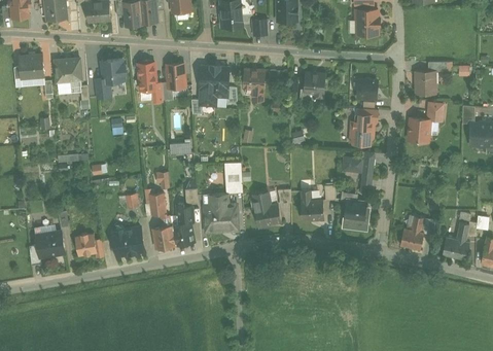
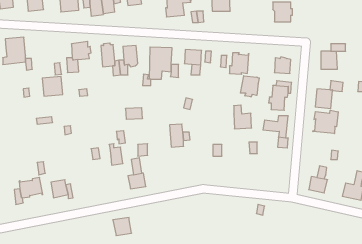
building: [54,60,79,84] -> [42,76,63,96]
building: none -> [240,76,259,97]
building: none -> [313,110,338,134]
building: [301,190,323,220] -> [234,105,252,129]
building: [204,194,238,233] -> none
building: [254,194,280,229] -> none
building: [342,200,367,231] -> none
building: [112,224,144,256] -> none
building: [151,225,175,248] -> [113,218,132,236]

